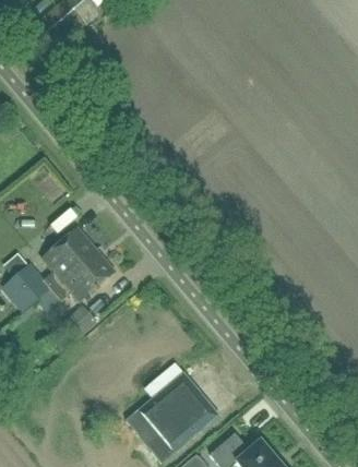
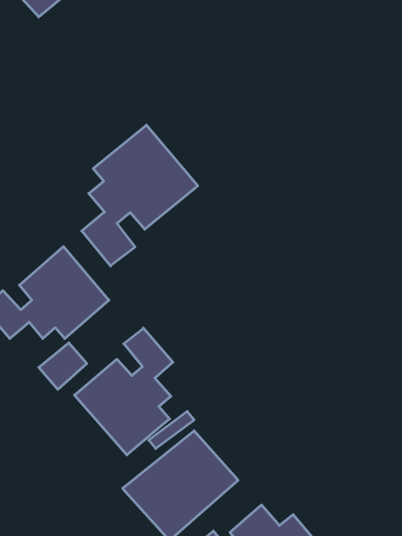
building: none -> [82,125,198,266]
building: none -> [74,328,173,455]

